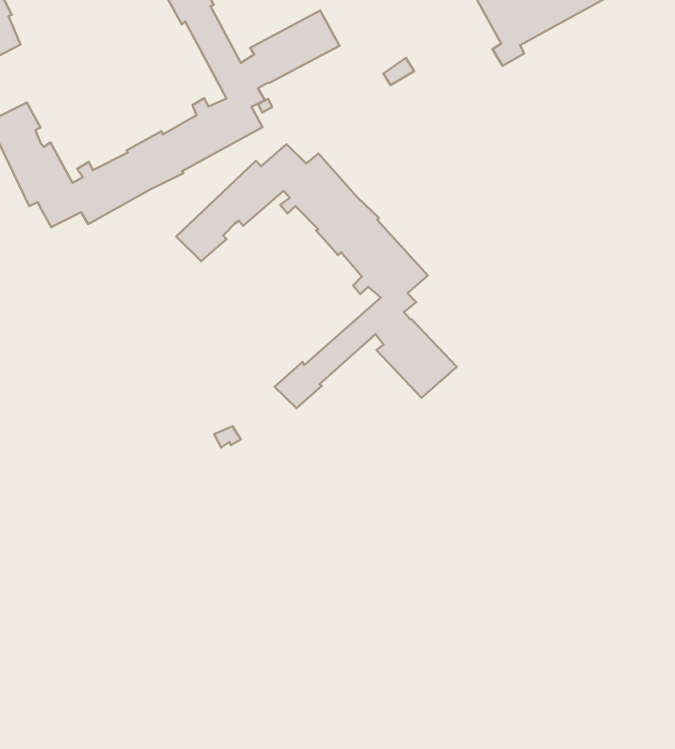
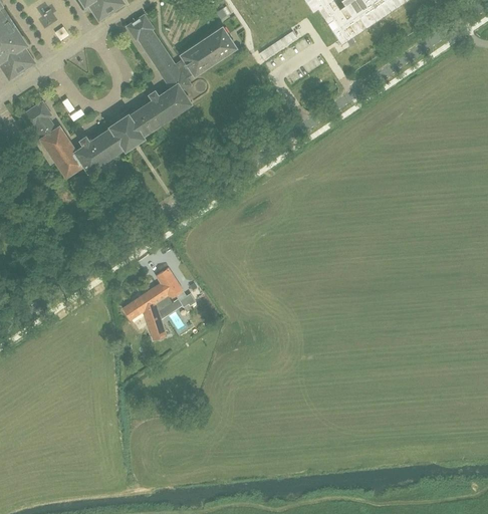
building: [176,144,457,408] -> none
building: none -> [123,267,183,340]

